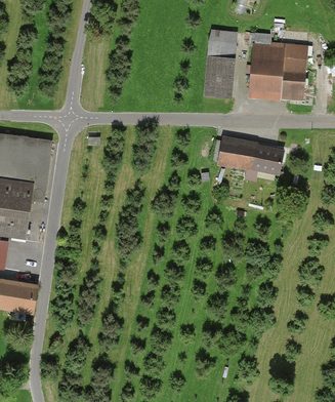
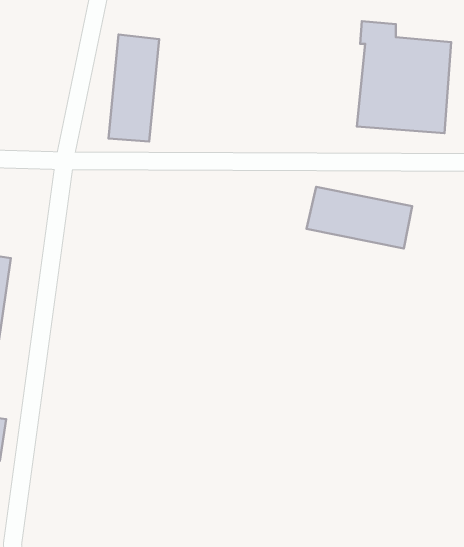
building: [206,30,238,97] -> [109,34,159,142]

